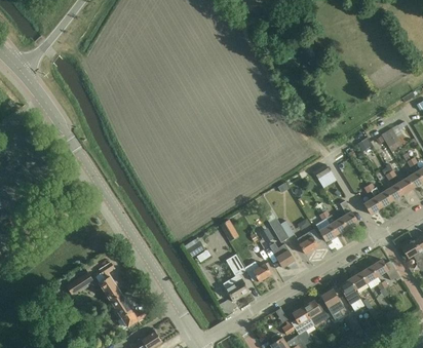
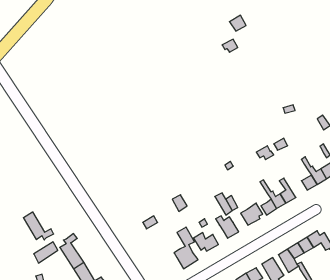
building: none -> [23,212,54,240]

